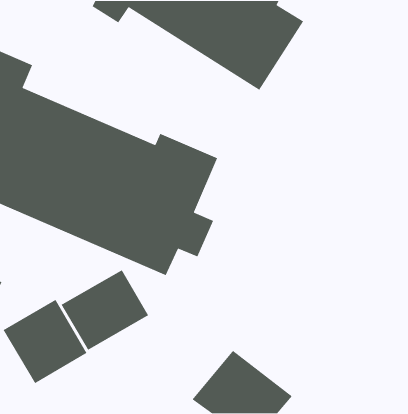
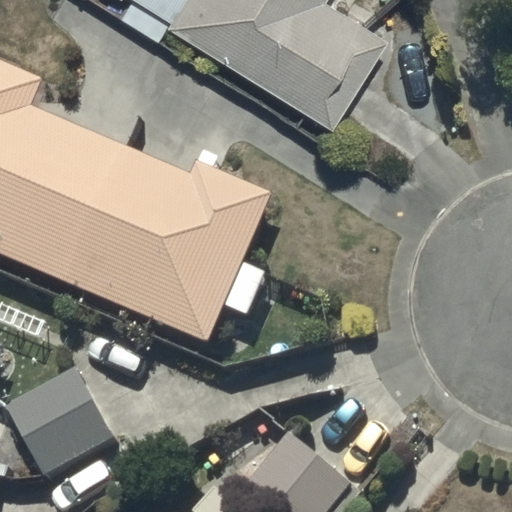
building: [60,269,149,351] -> none

